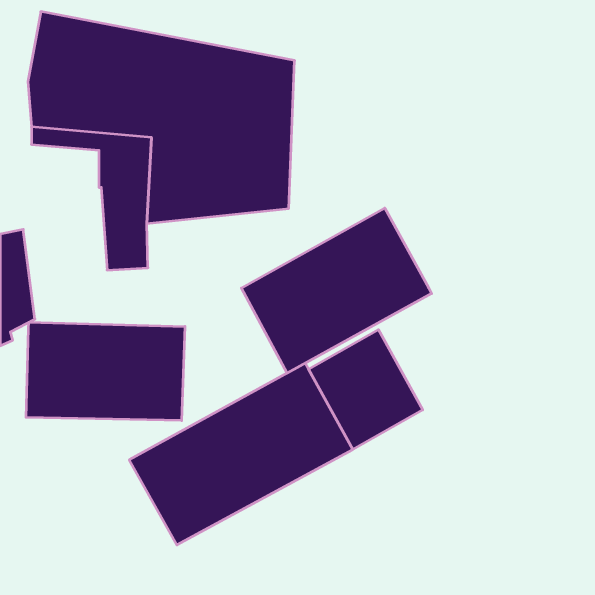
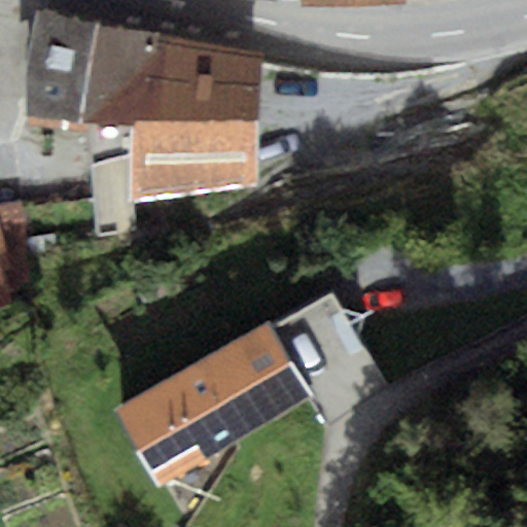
building: [241,208,432,373] -> none
building: [26,322,185,421] -> none

